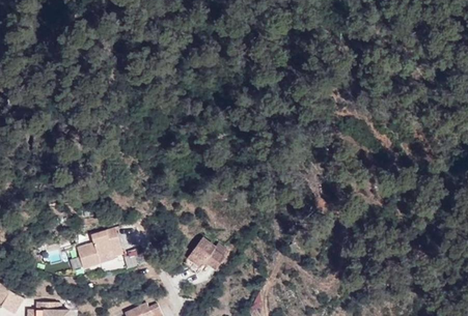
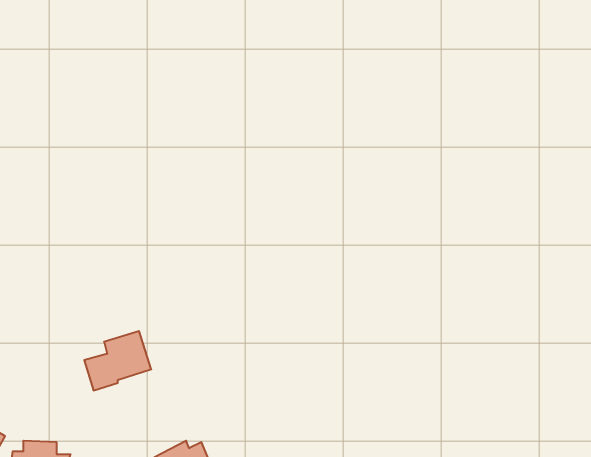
building: [186,238,227,270] -> none

